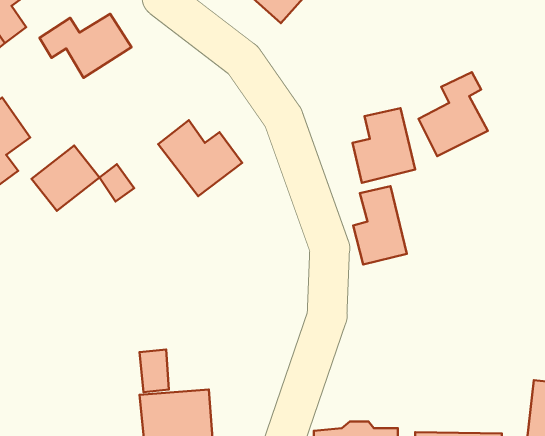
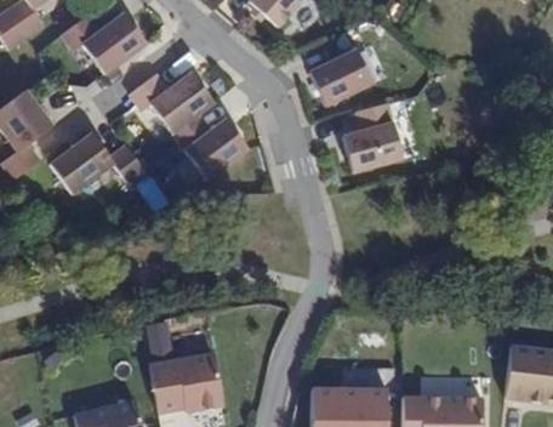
building: [418,72,488,156] -> [310,25,374,102]
building: none -> [125,74,211,133]
building: [353,186,407,265] -> none

